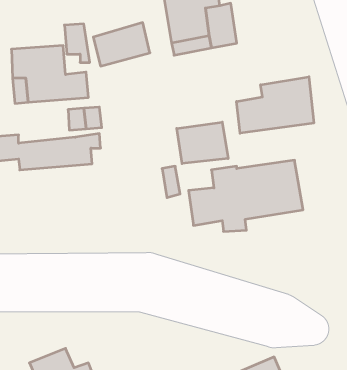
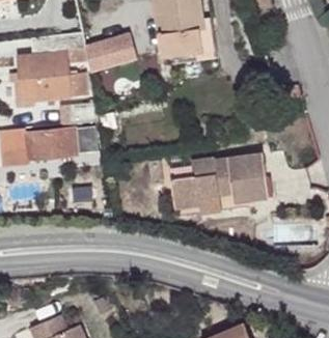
building: [237,77,314,133] -> none
building: [177,122,228,164] -> none

